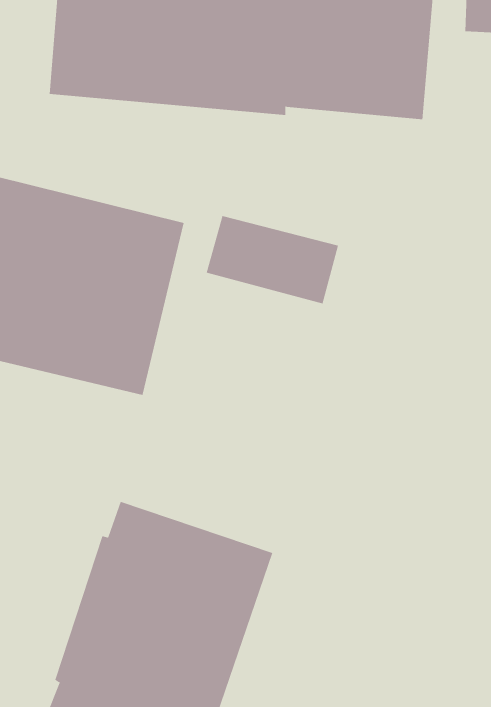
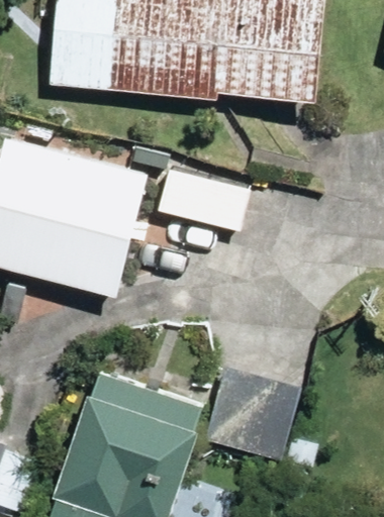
building: none -> [207,369,302,460]

